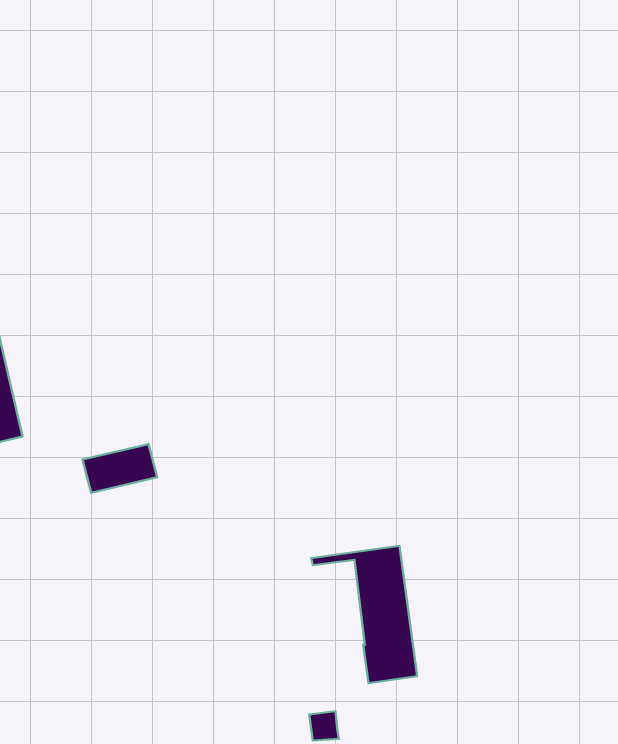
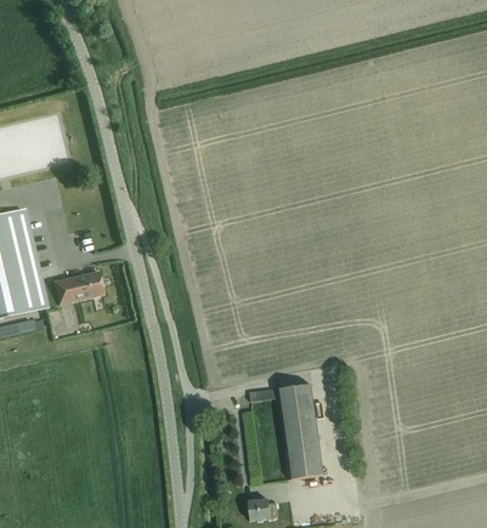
building: [82,444,157,493] -> [52,271,104,305]

